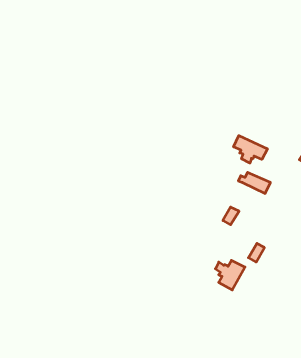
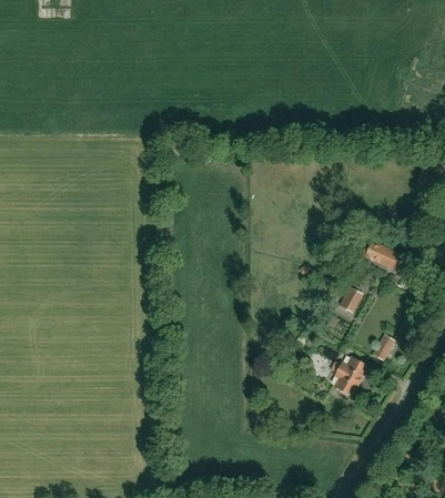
building: [234,136,267,163] -> none

